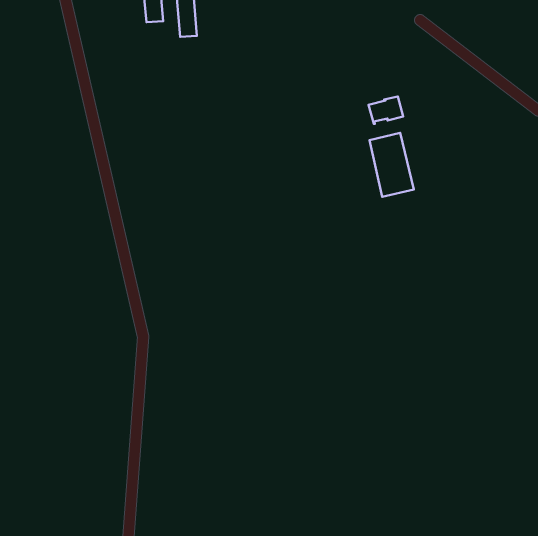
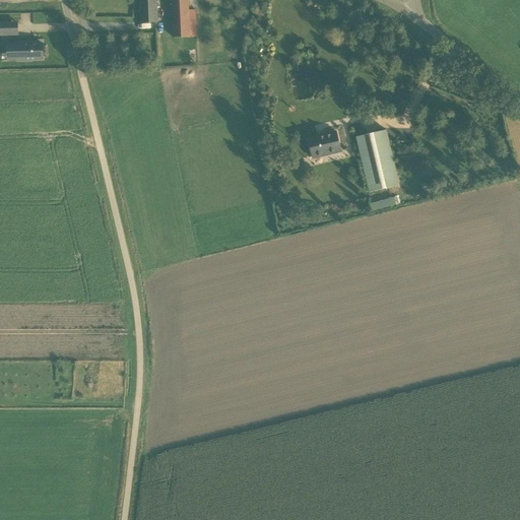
building: none -> [8,39,44,58]
building: [368,96,403,124] -> [308,130,341,156]

